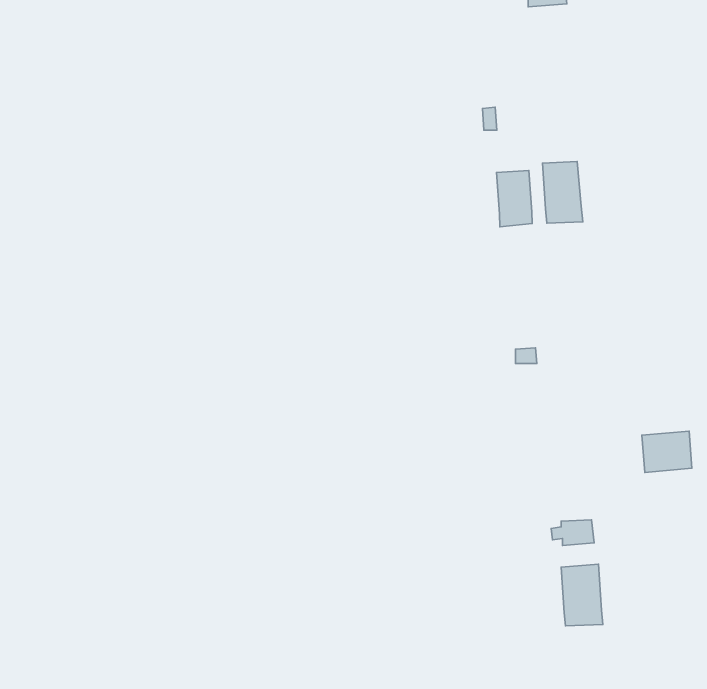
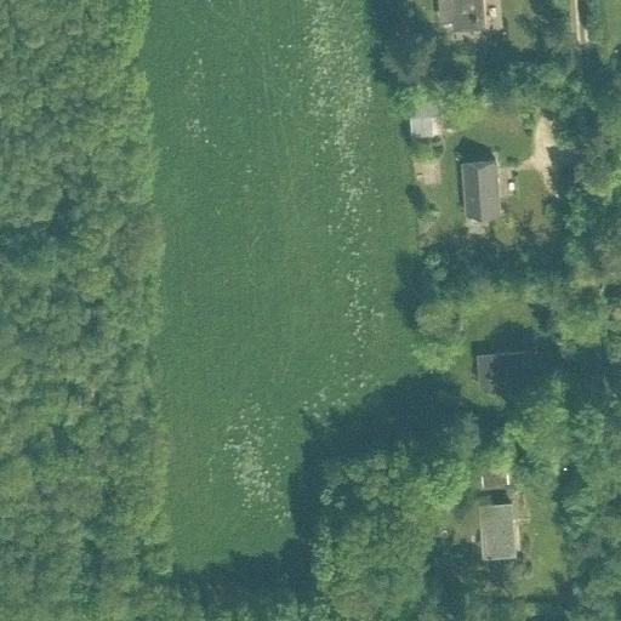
building: [497,171,532,227] -> none
building: [642,431,692,473] -> [488,351,530,386]

